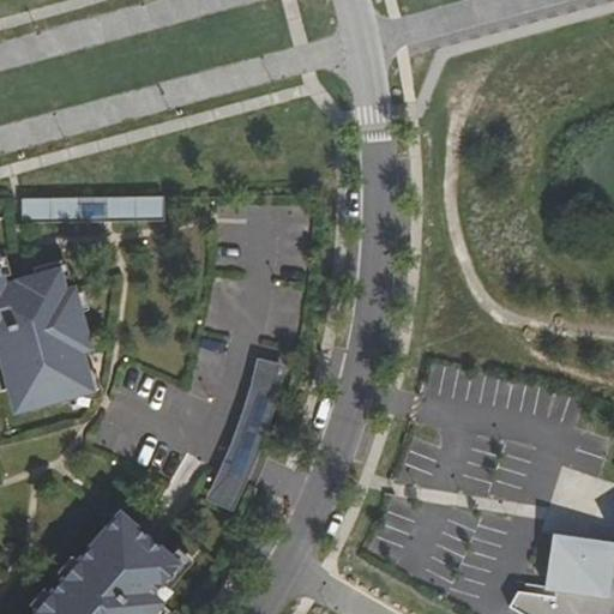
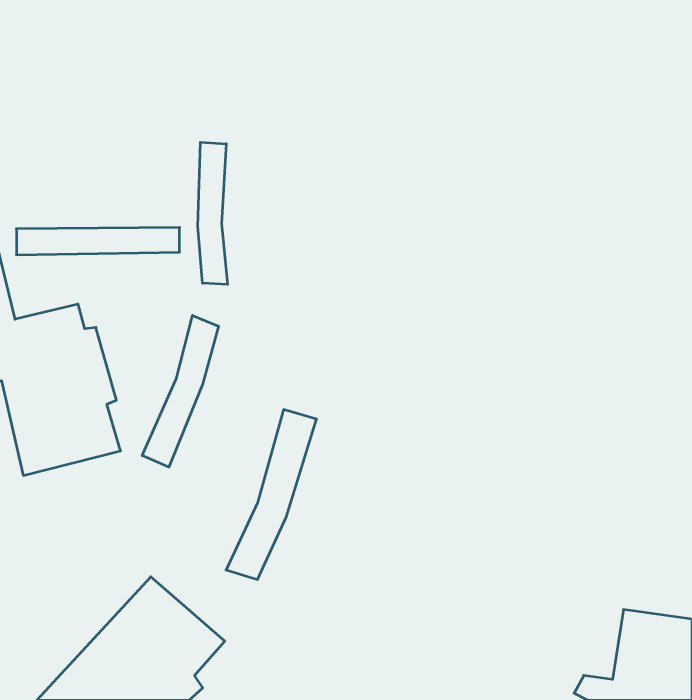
building: none -> [198,142,227,284]
building: none -> [142,315,218,467]

